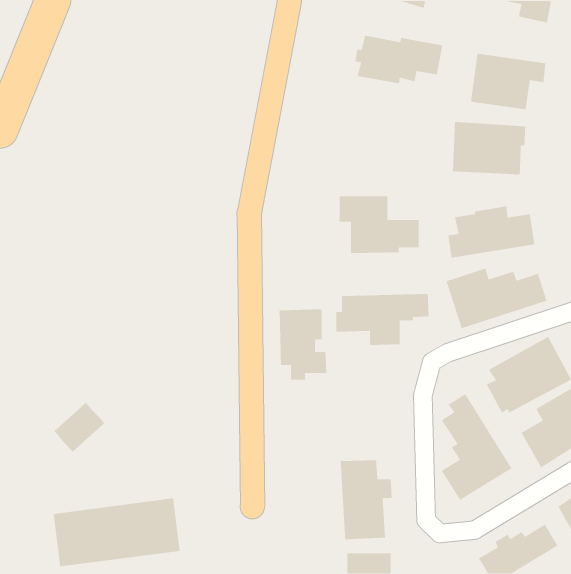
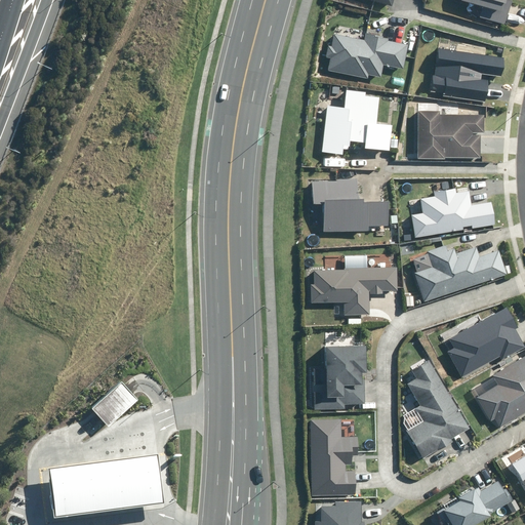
building: none -> [321,88,390,167]
building: [279,309,327,380] -> [321,342,365,408]
building: [54,402,105,452] -> [93,380,140,427]

